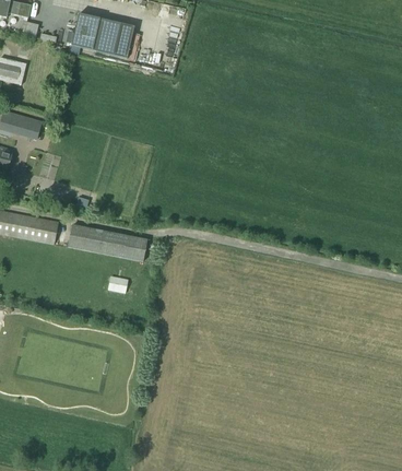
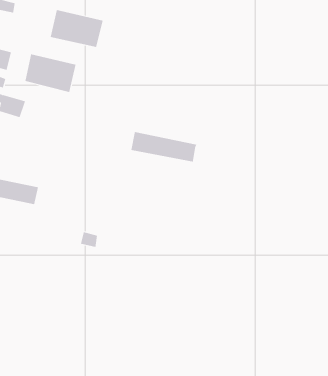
building: none -> [25,54,76,93]
building: [67,224,145,260] -> [131,132,197,162]

